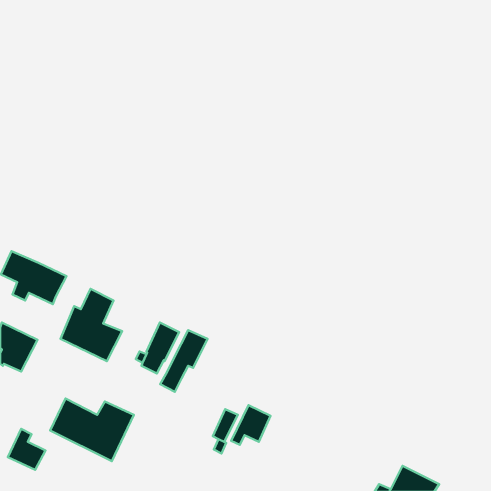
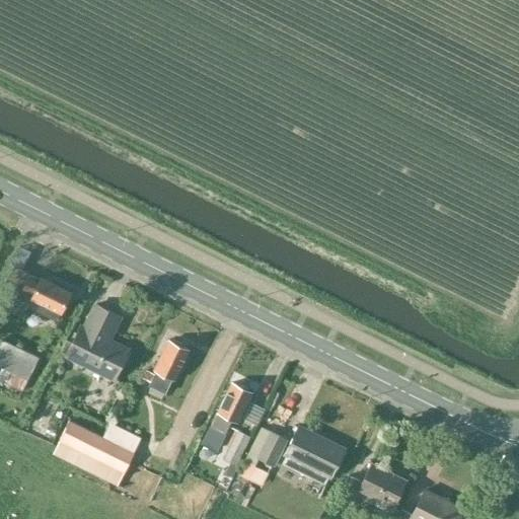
building: [160,330,207,392] -> [204,384,253,449]
building: none -> [284,427,346,485]
building: [8,429,45,470] -> none
building: none -> [338,463,406,509]

